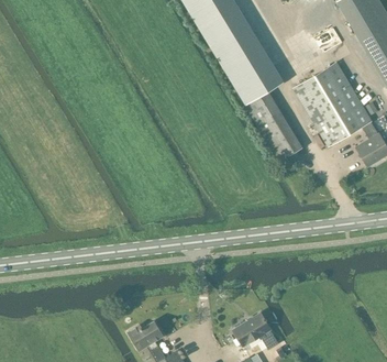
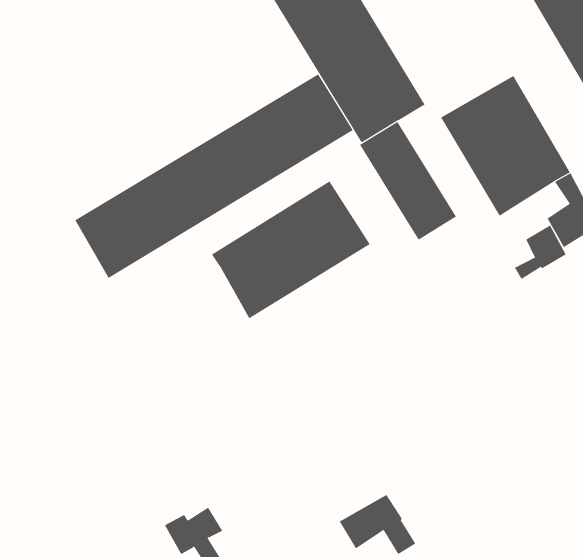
building: none -> [75,74,353,279]
building: none -> [211,181,371,319]
building: none -> [514,225,566,280]

